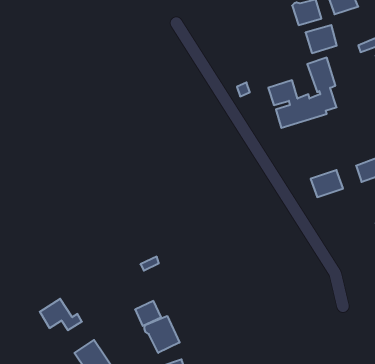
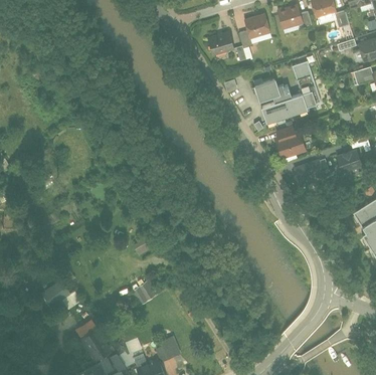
building: [305,25,337,53] -> [243,10,272,36]
building: none -> [209,28,235,54]
building: none -> [276,126,307,159]
building: [145,316,180,353] -> none

